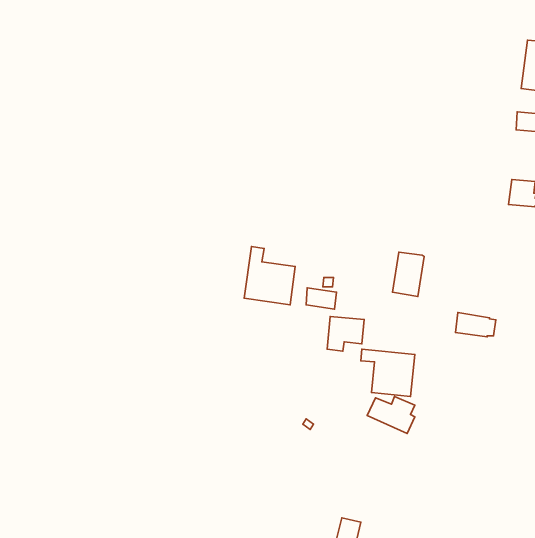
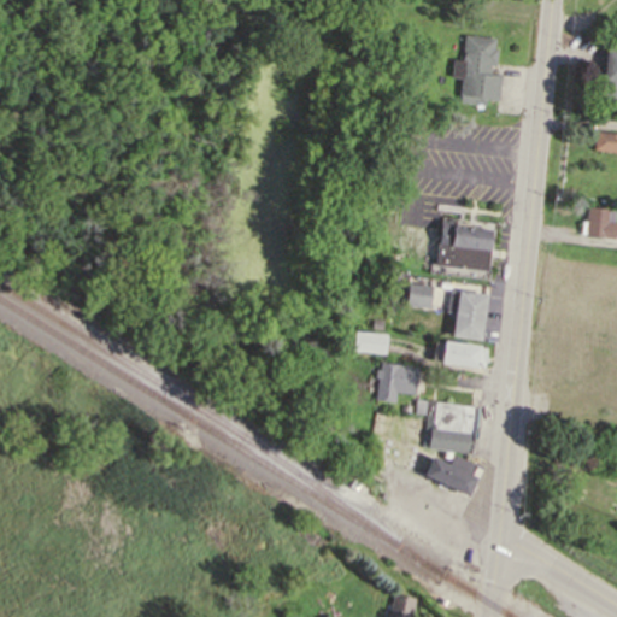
building: none -> [453,34,503,105]
building: none -> [435,223,494,271]
building: [244,247,295,305] -> none
building: none -> [411,286,436,311]
building: [456,313,496,337] -> [442,340,488,368]

